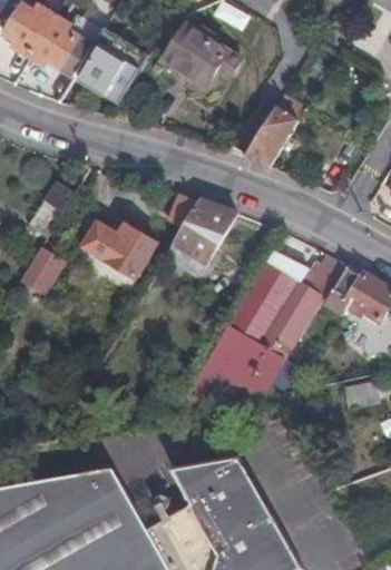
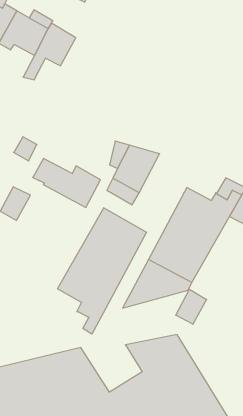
building: [166,24,244,86] -> none
building: [245,106,300,168] -> none
building: none -> [58,208,146,334]
building: none -> [176,289,207,324]

